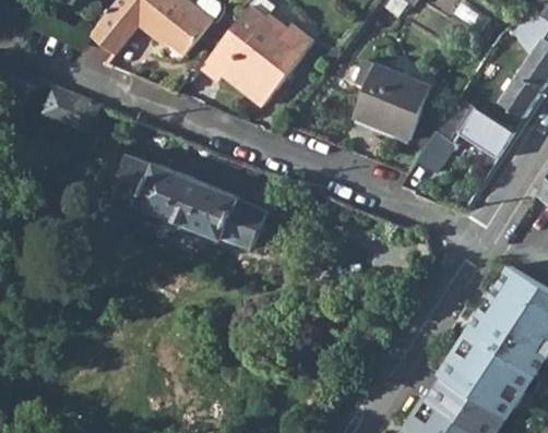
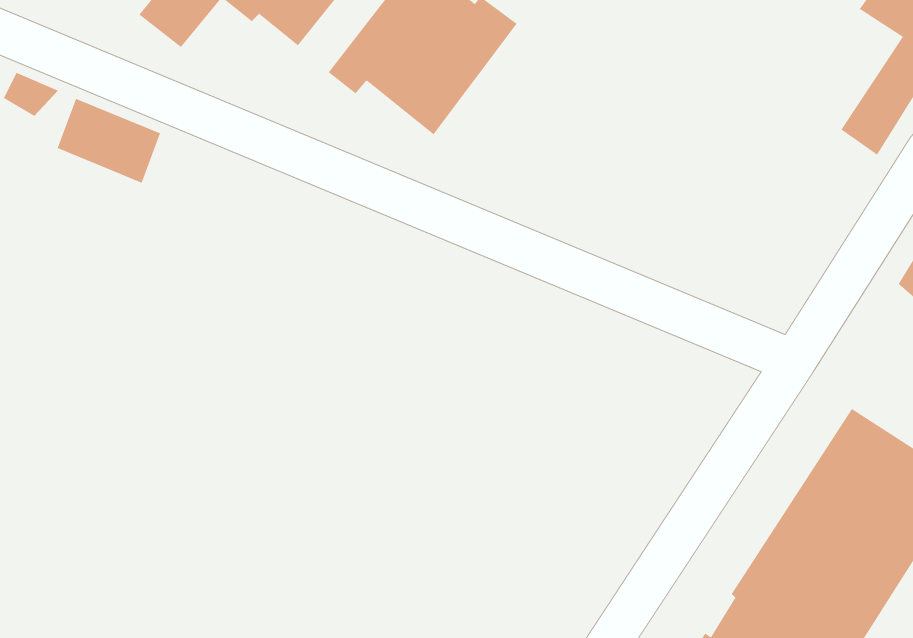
building: [350,68,427,143] -> none
building: [417,95,514,170] -> none
building: [112,154,269,246] -> none

